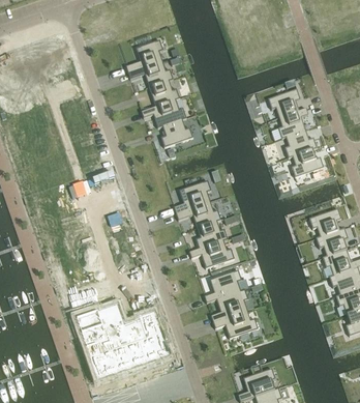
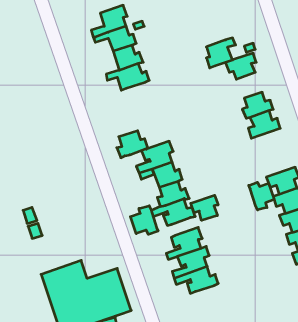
building: [277,108,307,139] -> [206,38,236,68]
building: [161,120,193,148] -> [117,131,148,158]
building: none -> [249,182,274,210]
building: none -> [191,195,218,220]
building: none -> [130,206,158,234]

